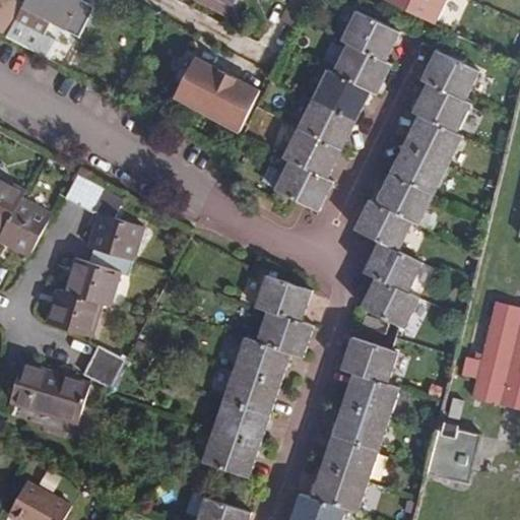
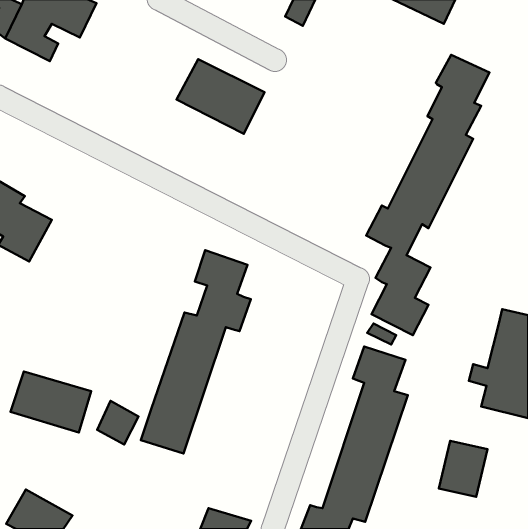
building: [275,11,395,208] -> none
building: [47,174,142,336] -> none
building: [202,275,310,474] -> [141,250,251,454]
building: [84,344,125,387] -> [97,401,139,445]

